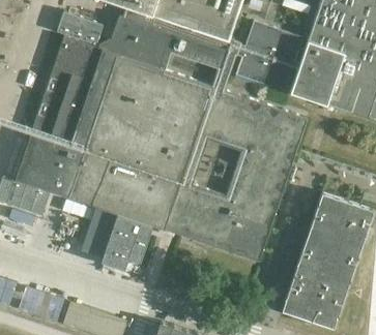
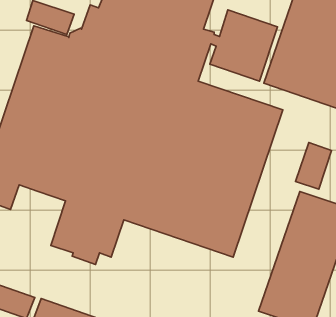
building: none -> [295,142,332,189]

